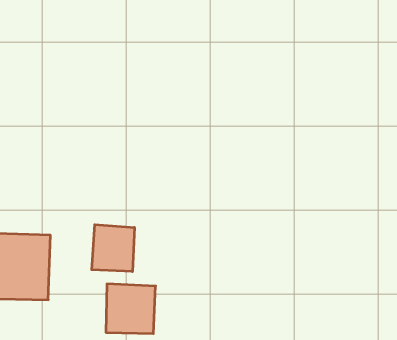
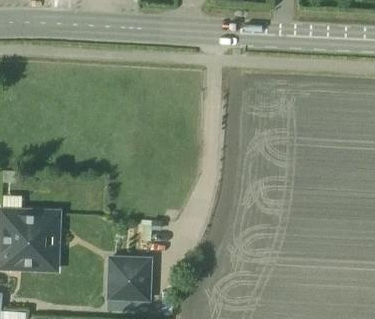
building: [92,225,134,272] -> none

